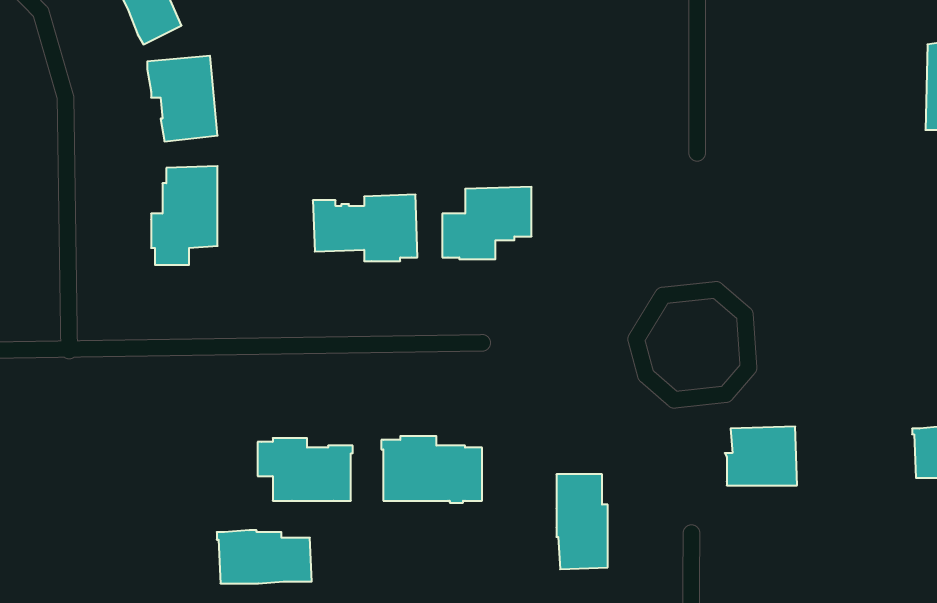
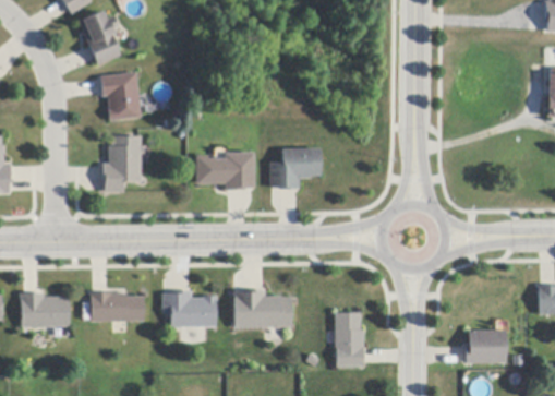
building: [725,427,797,485] -> [466,329,507,363]
building: none -> [21,292,71,327]
building: [217,530,312,583] -> [91,291,145,322]

